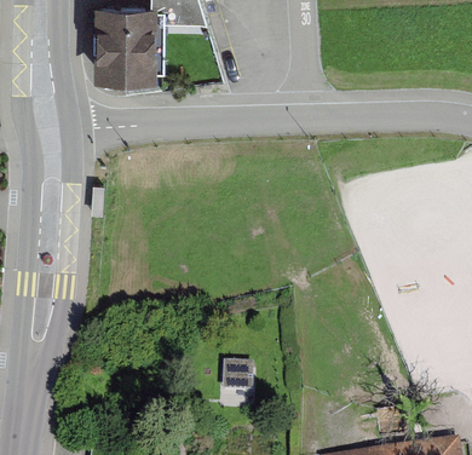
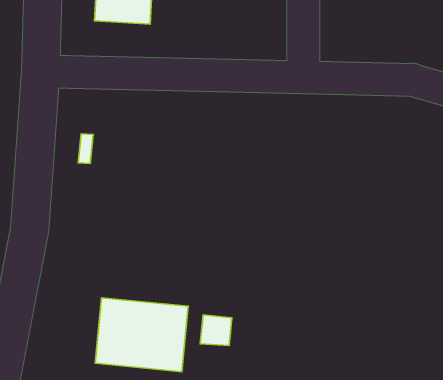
building: none -> [95,298,188,372]

